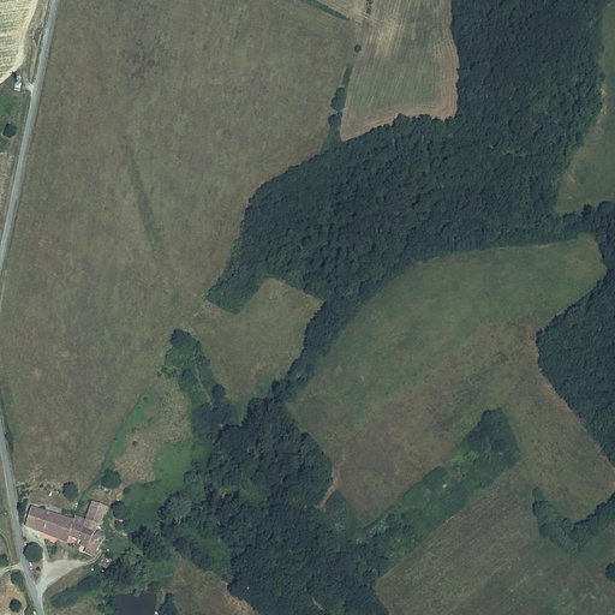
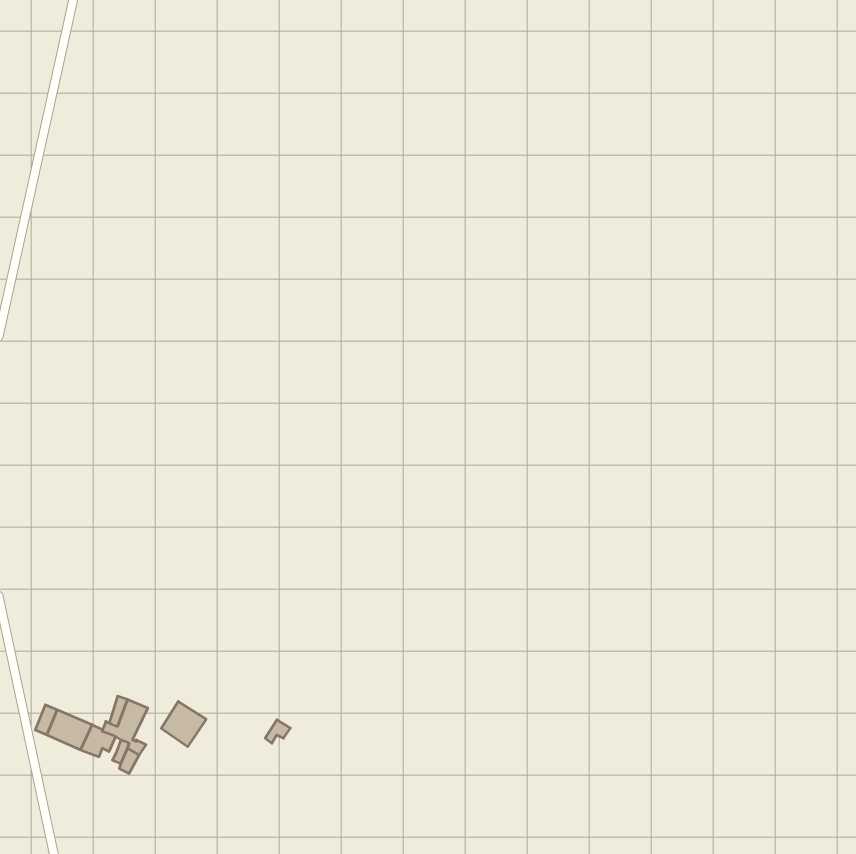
building: none -> [161,701,206,747]

